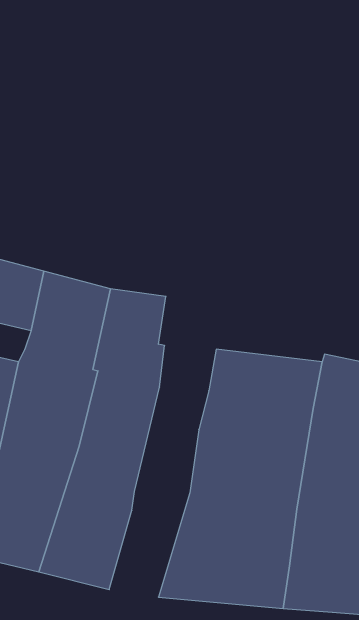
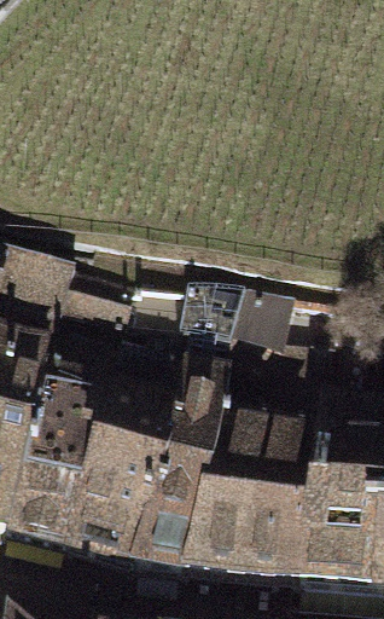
building: none -> [117,283,228,577]

